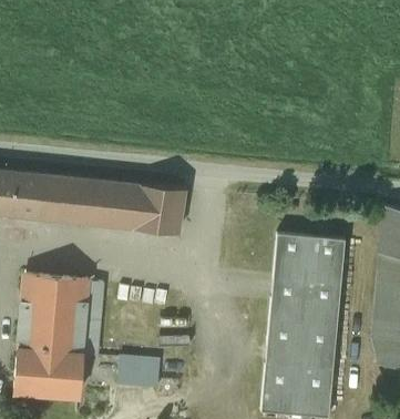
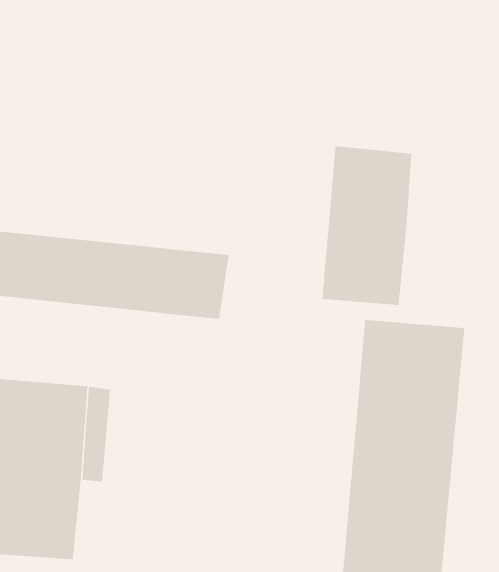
building: none -> [322,145,412,306]
building: [117,358,160,382] -> none

